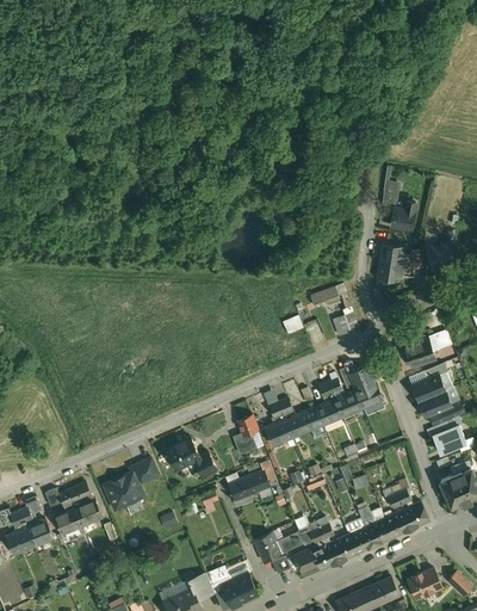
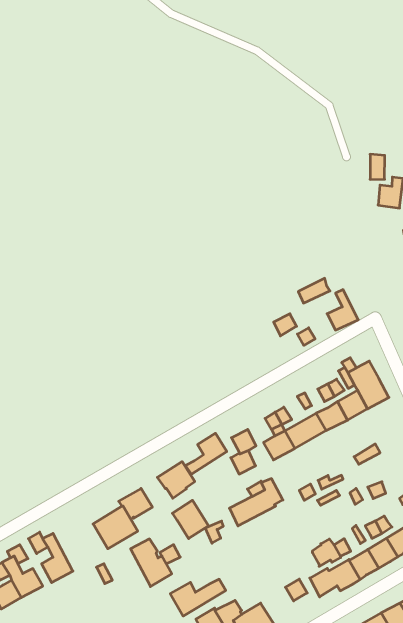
building: [376,243,402,280] -> none
building: none -> [186,433,227,474]
building: none -> [172,500,209,539]
building: [67,483,101,526] -> [131,539,172,587]
building: [253,532,303,562] -> [170,579,226,616]

